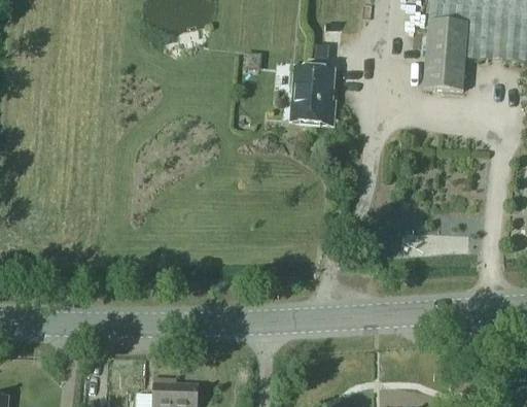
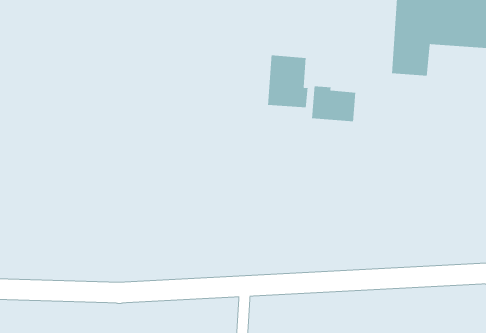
building: none -> [311,86,356,122]

